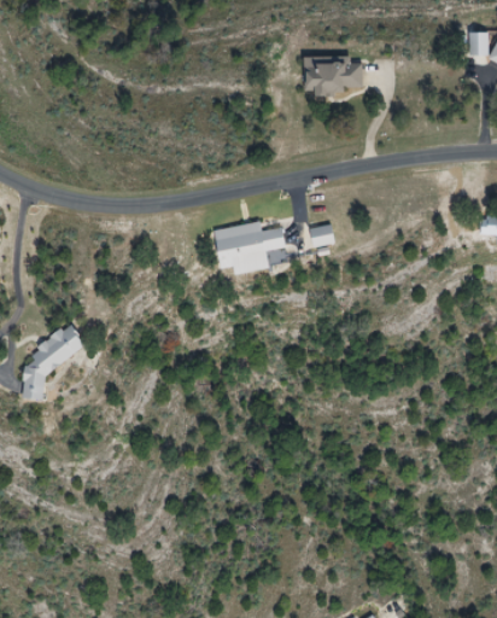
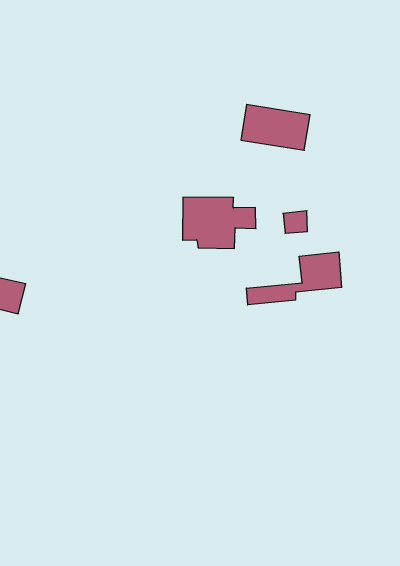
building: [305,58,366,92] -> [241,104,310,150]
building: none -> [246,252,342,305]

